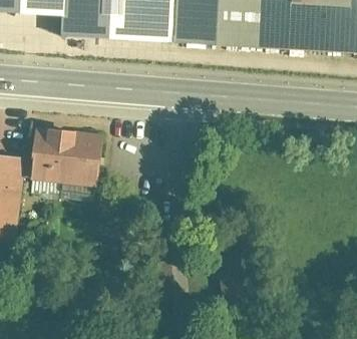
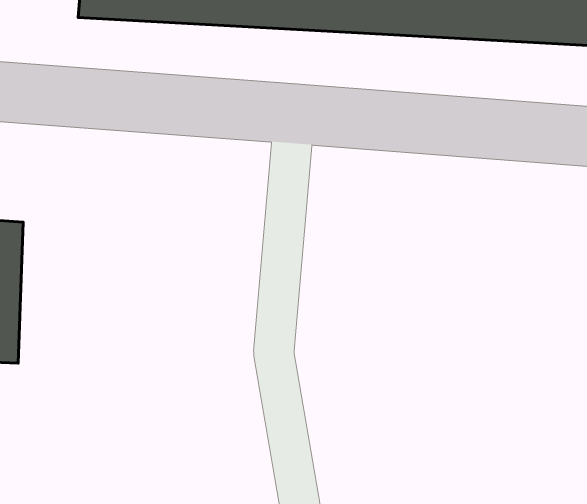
building: [32,120,103,188] -> none

